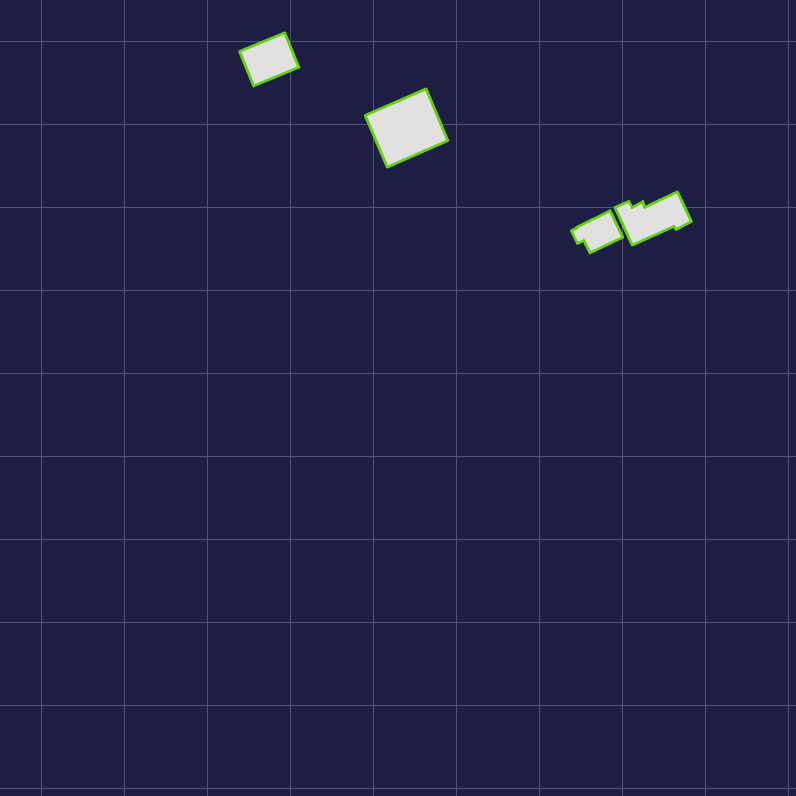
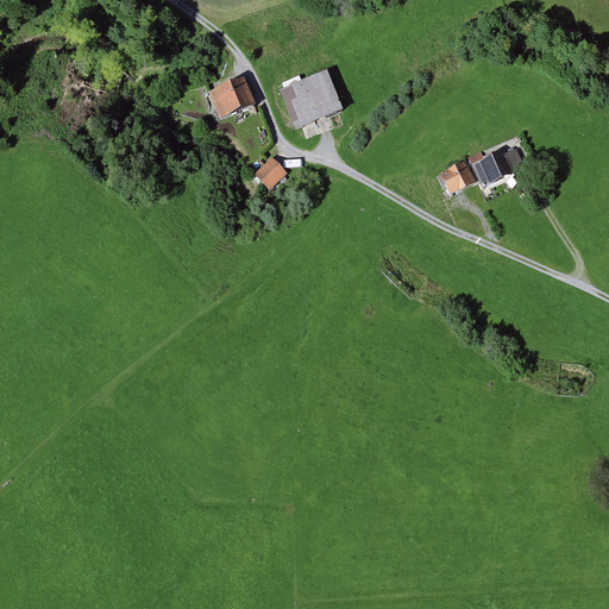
building: [240,33,299,86] -> [208,76,253,117]
building: none -> [253,157,287,189]

